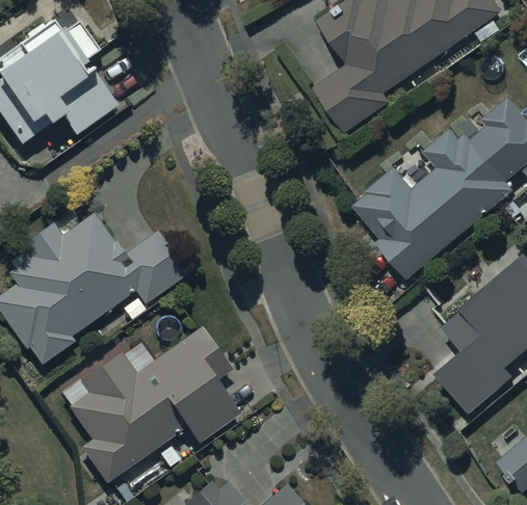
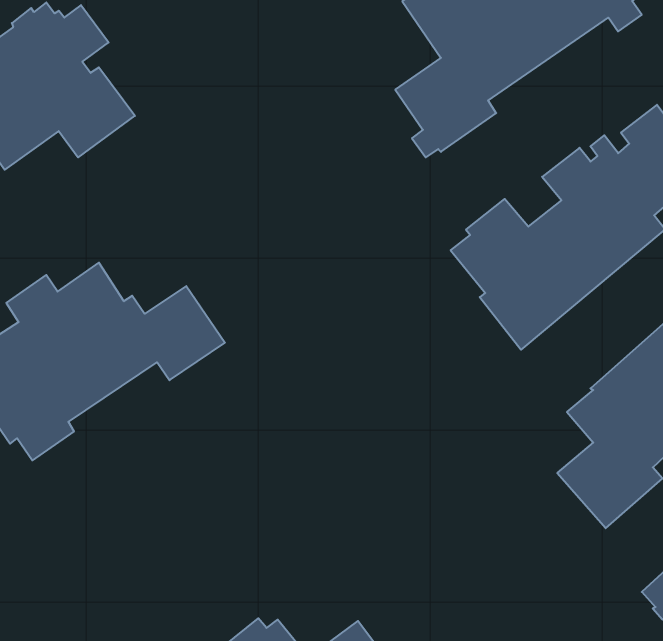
building: [68,326,238,482] -> none

